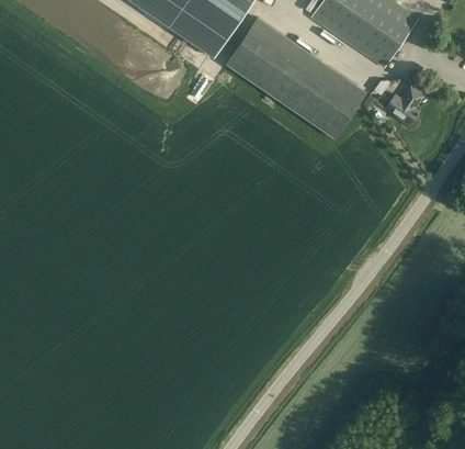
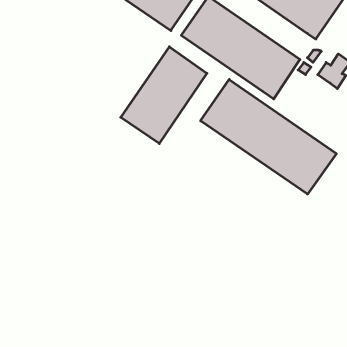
building: none -> [121,47,207,144]
building: none -> [201,79,336,194]

